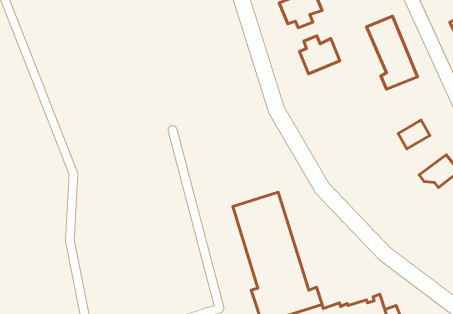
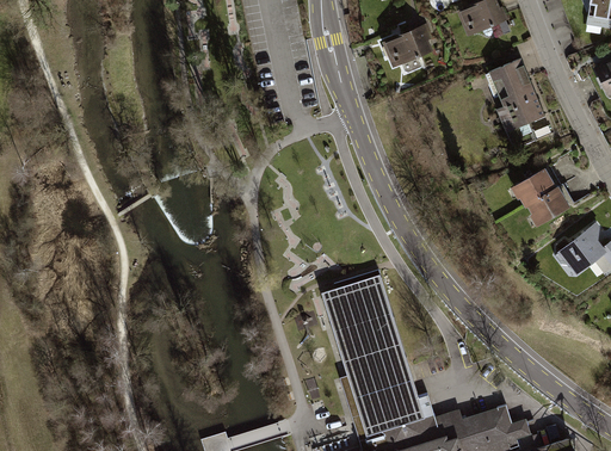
building: [300,36,340,74] -> none
building: none -> [514,169,554,205]

